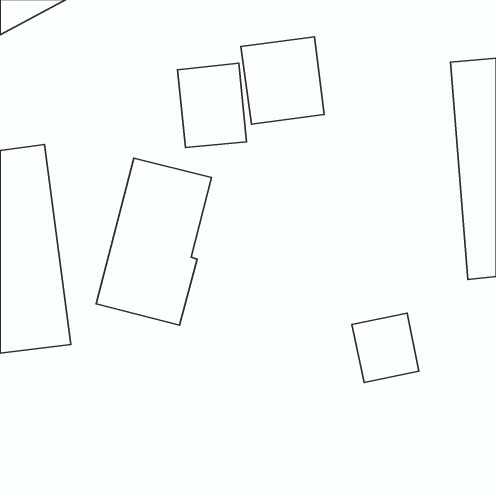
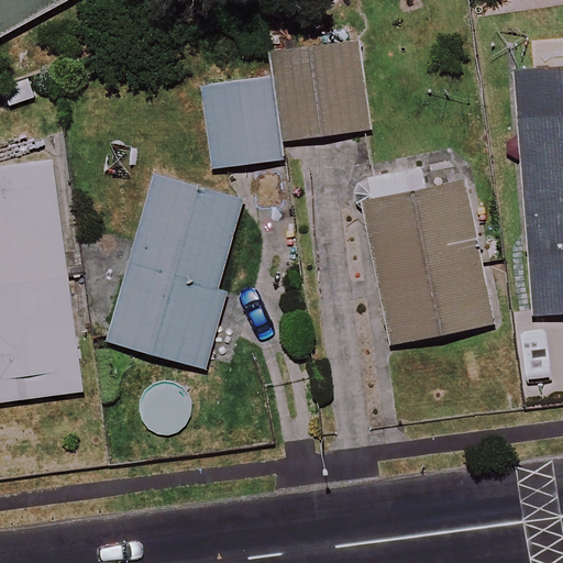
building: none -> [360,169,494,344]
building: [352,313,419,382] -> none

